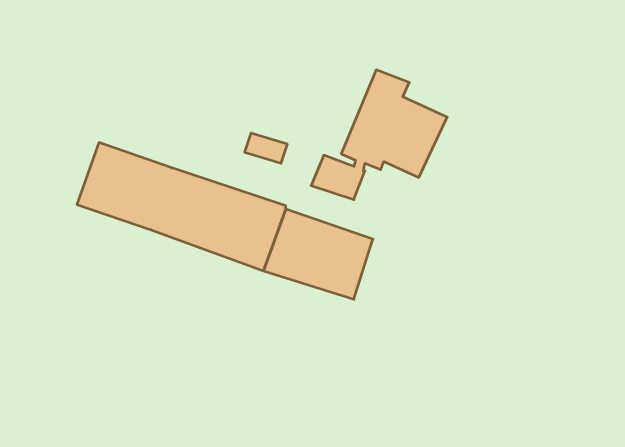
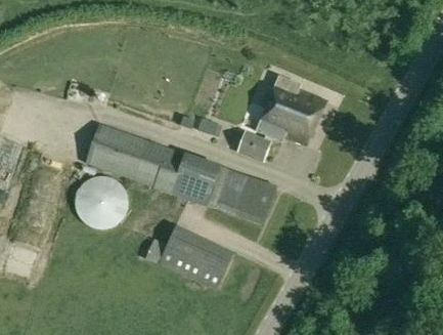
building: none -> [75,175,127,227]
building: none -> [144,225,233,291]

